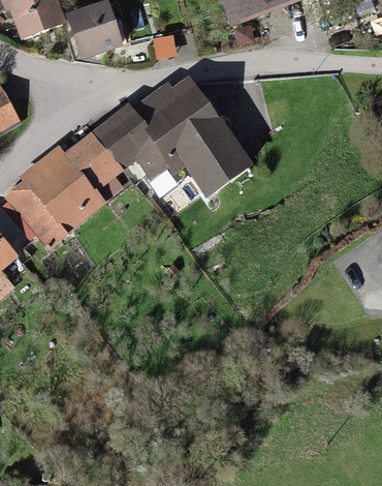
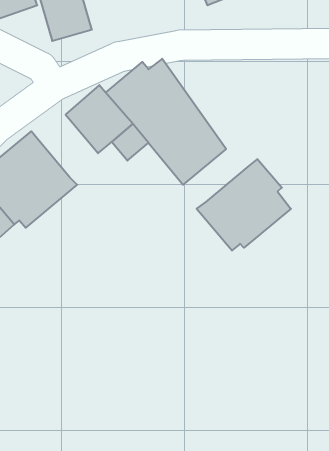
building: [64,130,124,192] -> none
building: none -> [197,159,291,251]

